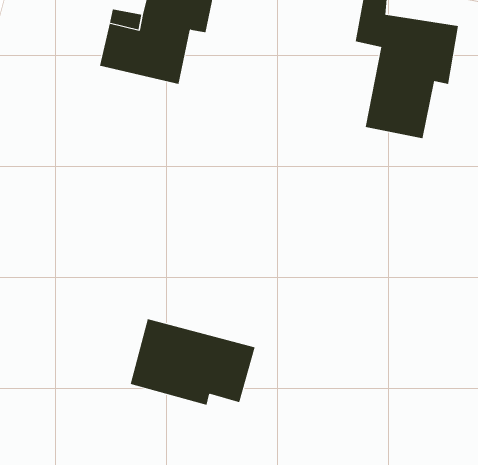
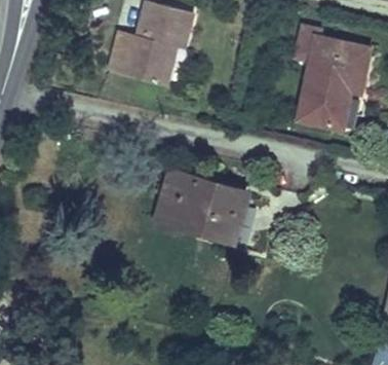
building: [130,318,256,406] -> [160,180,250,243]

